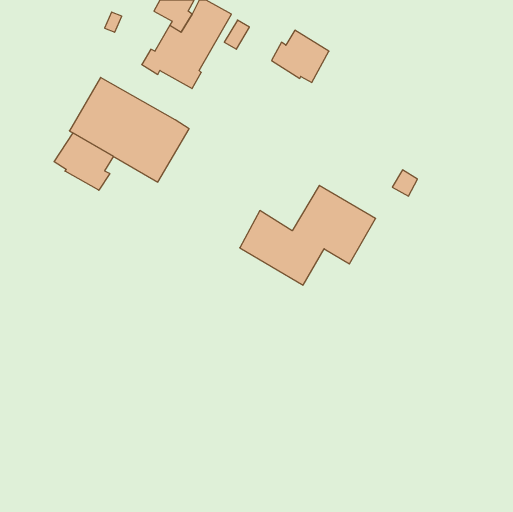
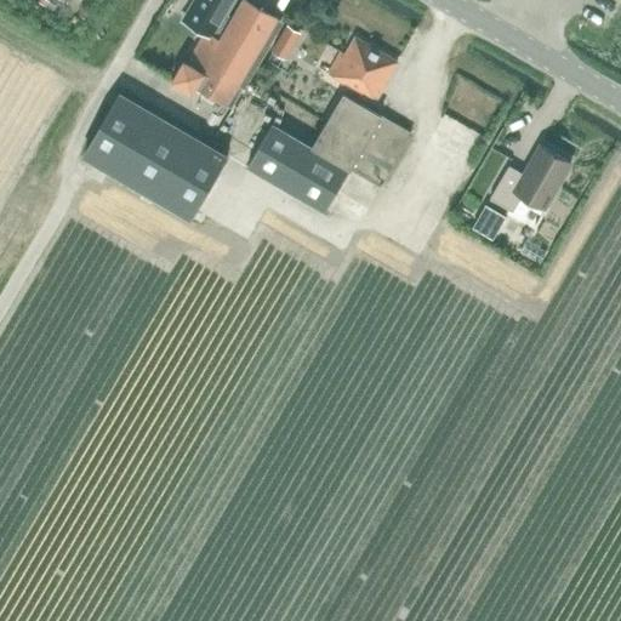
building: none -> [490,147,570,213]
building: [54,133,113,190] -> none
building: [240,185,376,285] -> [247,95,411,215]

